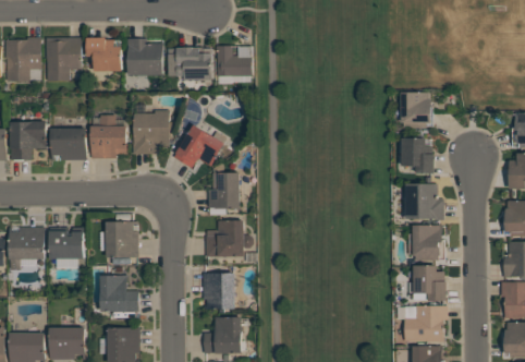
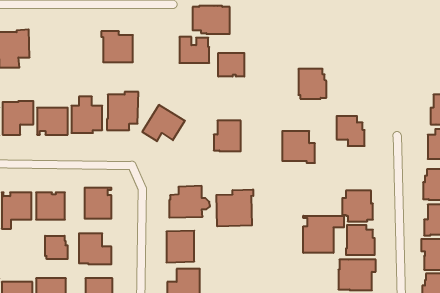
building: [45,38,81,81] -> none
building: [86,38,121,71] -> none
building: [168,48,211,81] -> [193,6,230,34]
building: none -> [218,53,244,77]
building: [400,93,432,128] -> [298,69,326,99]
building: [207,173,239,209] -> [214,121,241,151]
building: [404,184,442,221] -> [282,131,315,163]
building: none -> [216,189,253,226]
building: none -> [303,216,344,253]
building: none -> [45,236,68,259]

